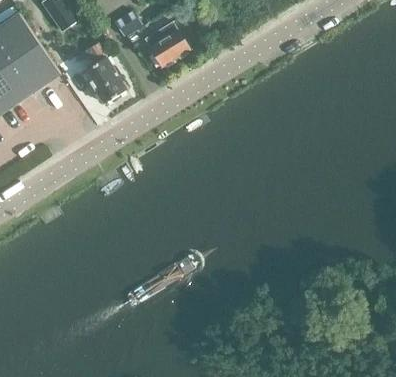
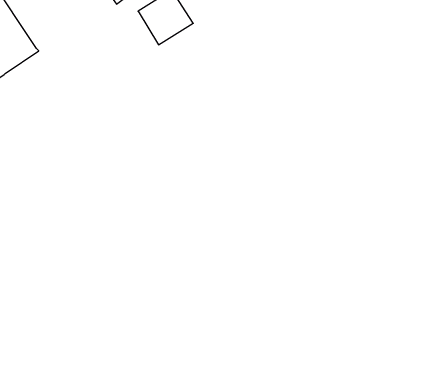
building: [83,44,125,104] -> none

